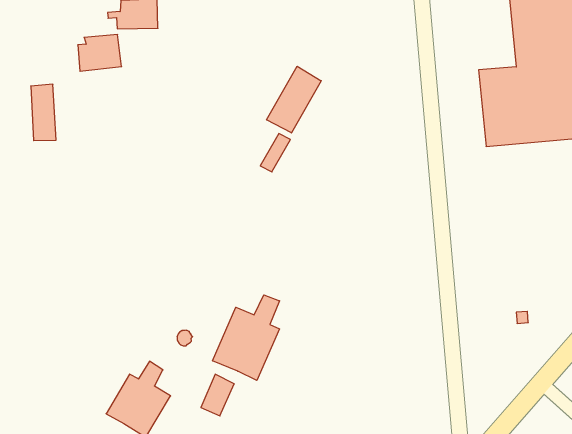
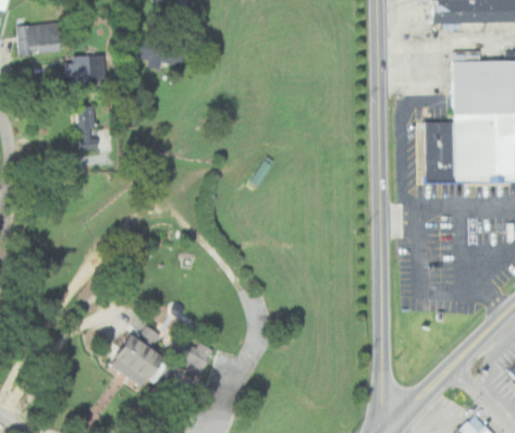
building: [78,35,122,71] -> [63,55,96,82]
building: [267,66,321,133] -> none
building: [213,295,280,380] -> none

